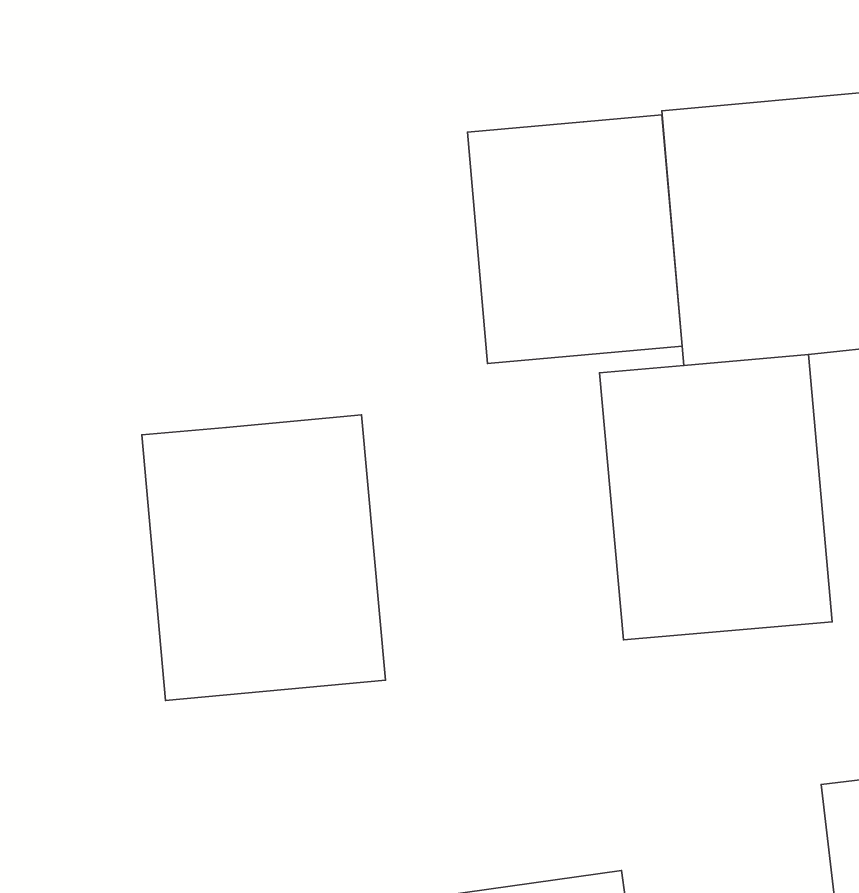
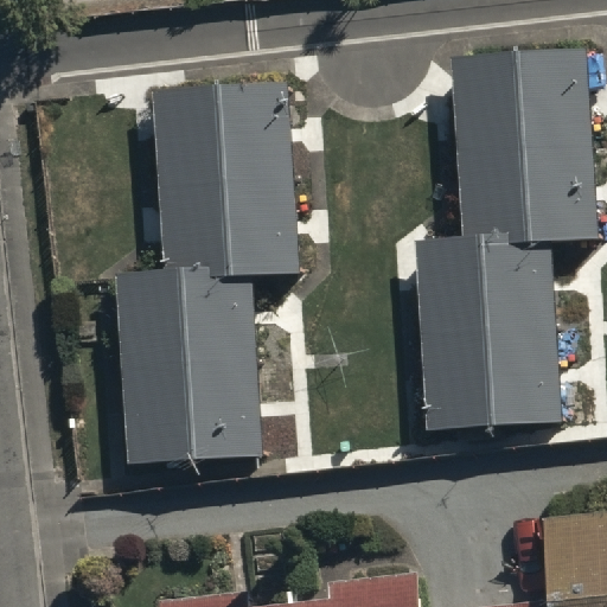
building: [467,115,682,363] -> none
building: none -> [153,107,302,285]

